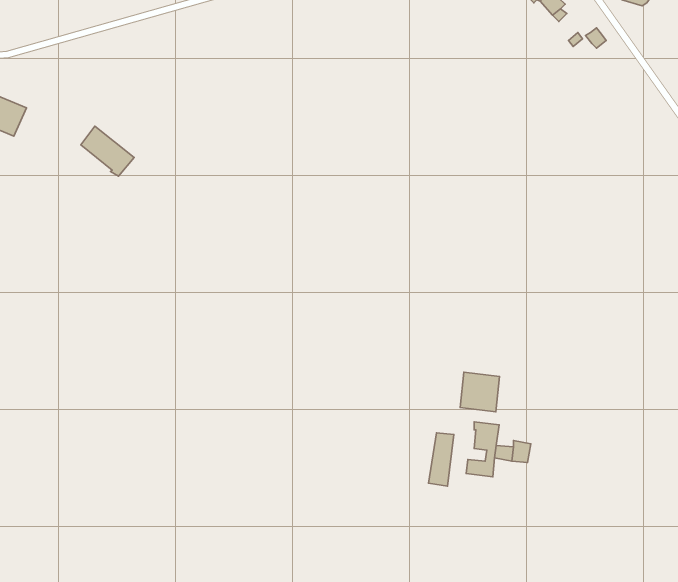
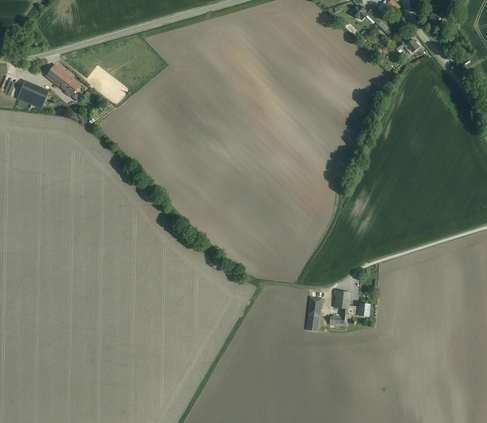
building: [81,126,134,176] -> [46,64,80,96]
building: [460,372,499,412] -> none

